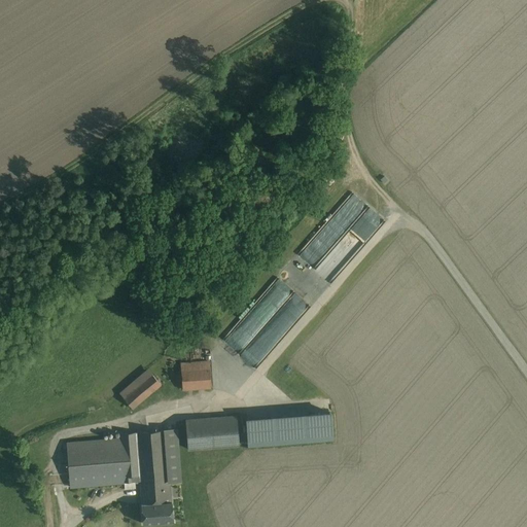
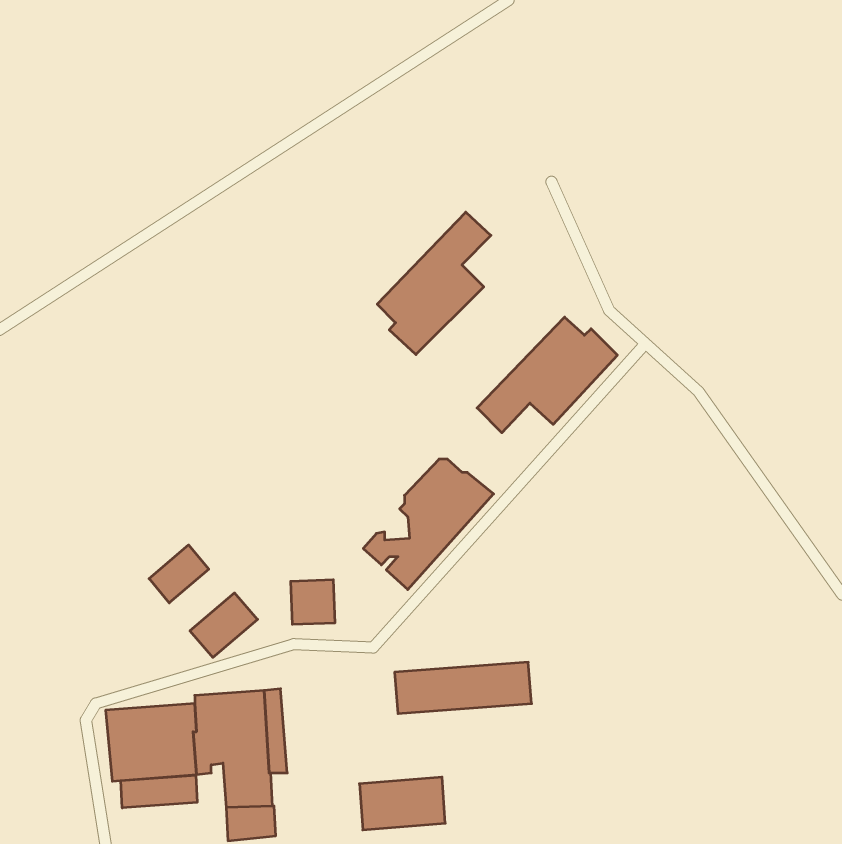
building: none -> [377,212,491,355]
building: none -> [149,545,209,603]
building: [184,416,238,449] -> [359,777,445,830]
building: none -> [121,775,197,808]

